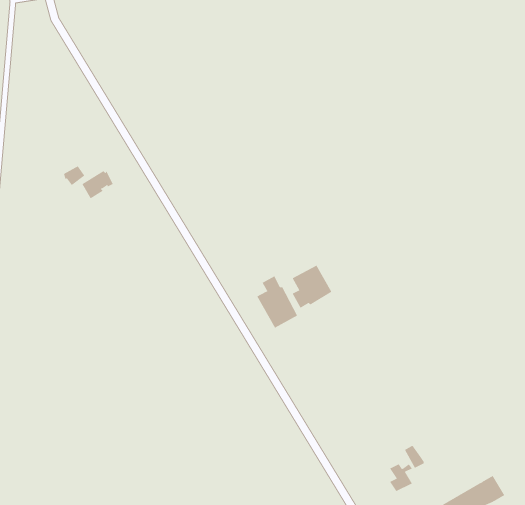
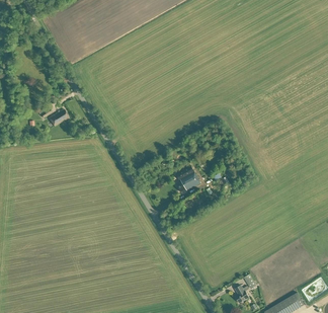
building: [257,275,298,328] -> none

